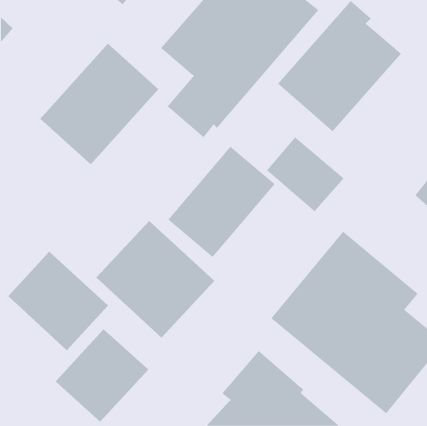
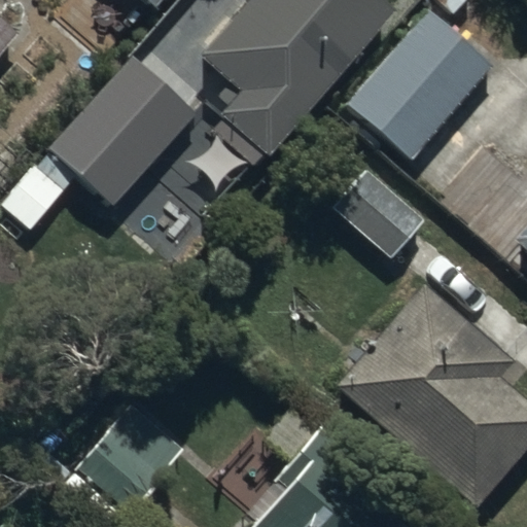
building: [168,146,275,258] -> none
building: [96,220,215,338] -> none
building: [7,251,109,351] -> none

